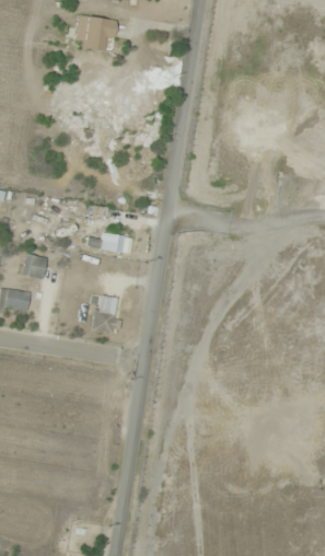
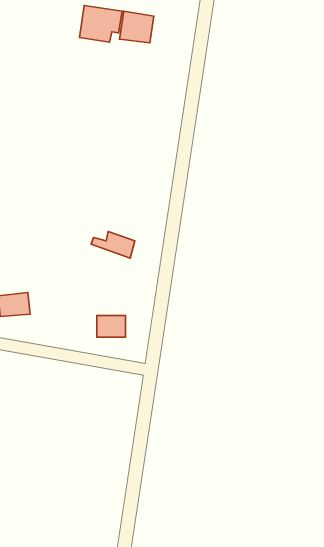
building: none -> [119,11,154,43]
building: [20,253,47,279] -> none

